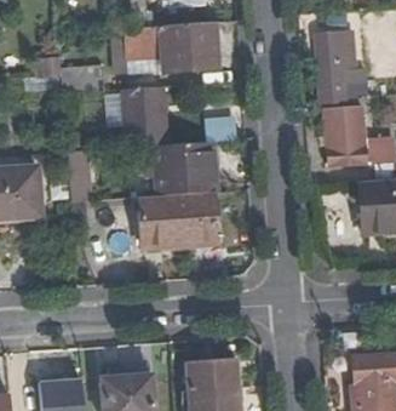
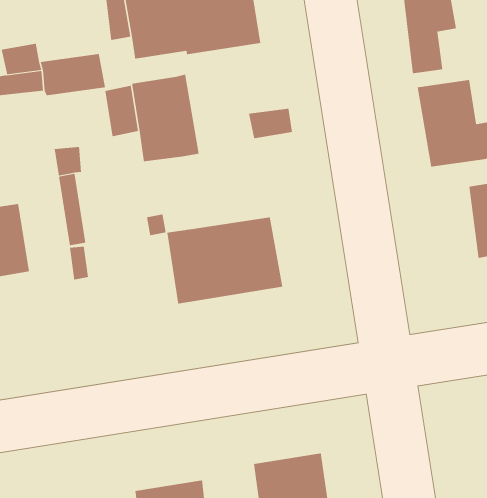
building: [156,141,214,195] -> none

